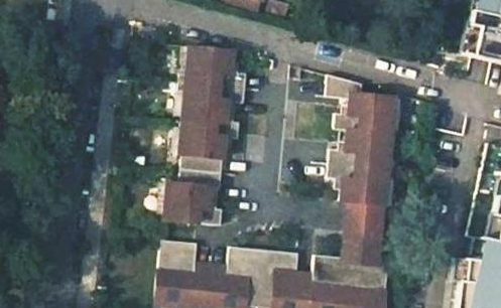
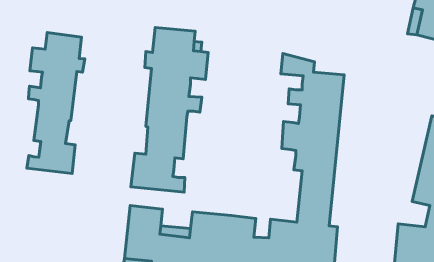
building: none -> [27,33,85,173]

